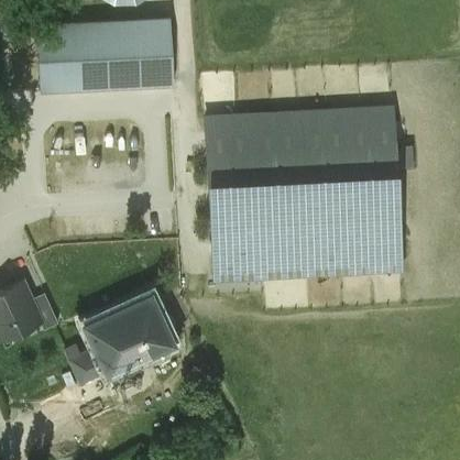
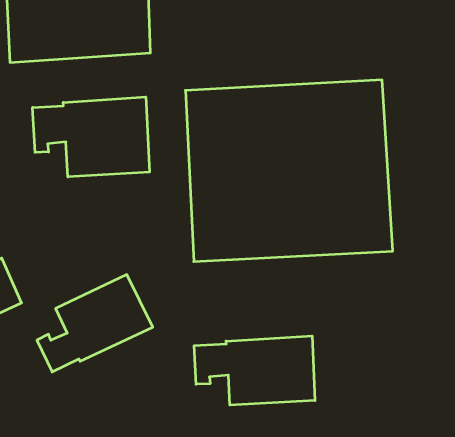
building: none -> [33,97,149,177]
building: none -> [194,336,315,405]

